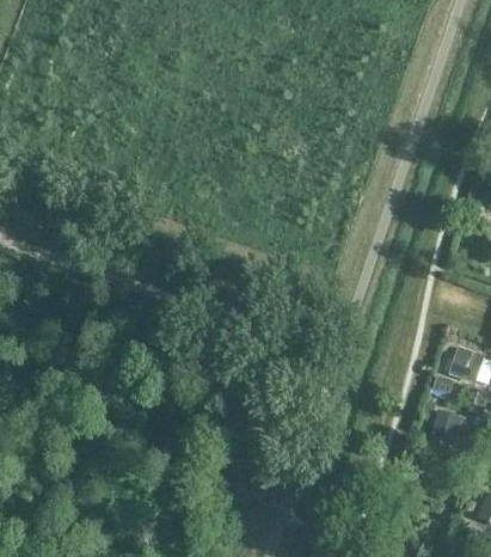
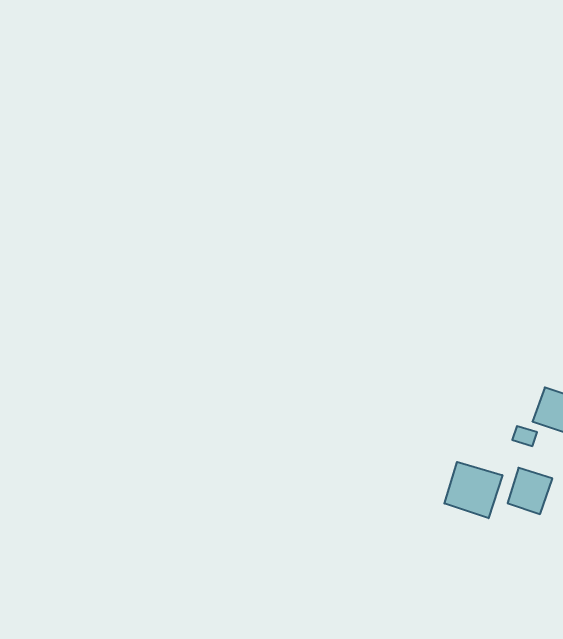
building: none -> [444,462,502,518]

